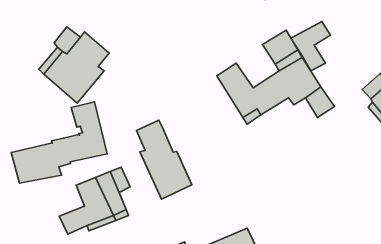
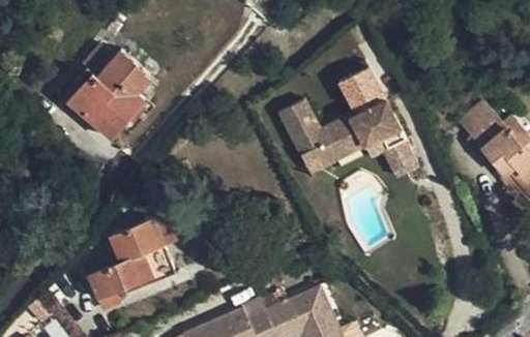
building: [291,21,330,71] -> none
building: [11,102,107,183] -> none
building: [136,120,192,199] -> none

